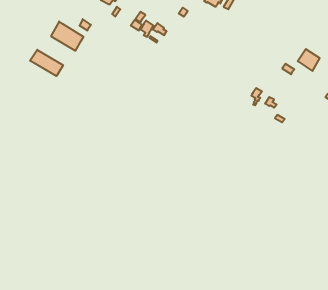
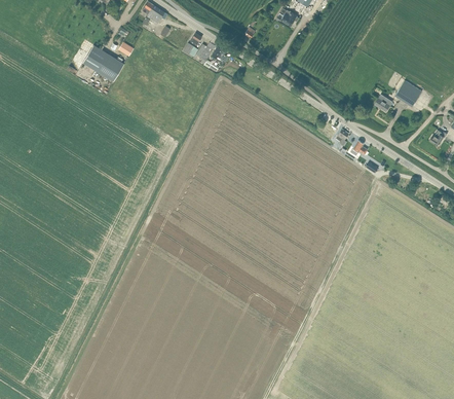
building: [30,50,63,76] -> none

